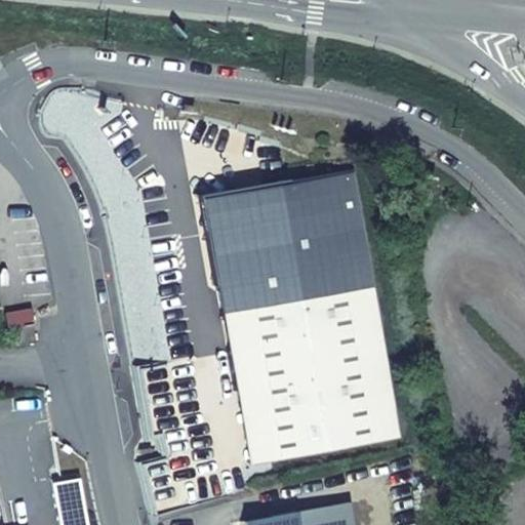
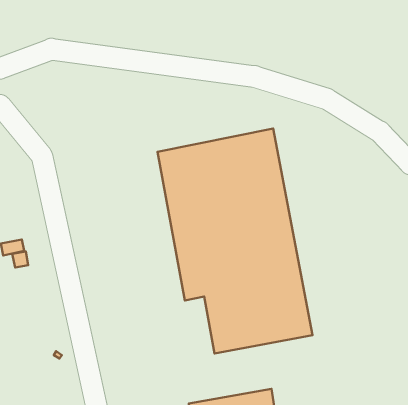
building: [239,386,277,463] -> none

